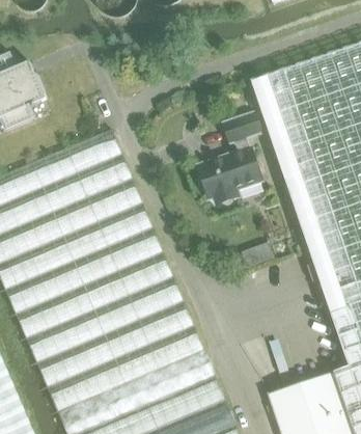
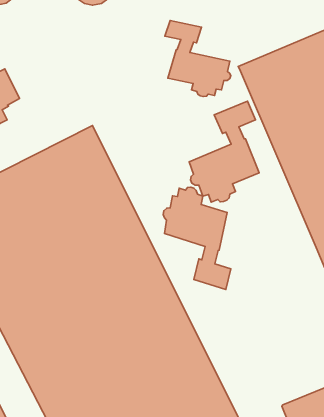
building: none -> [165,20,231,96]
building: none -> [163,187,231,289]

